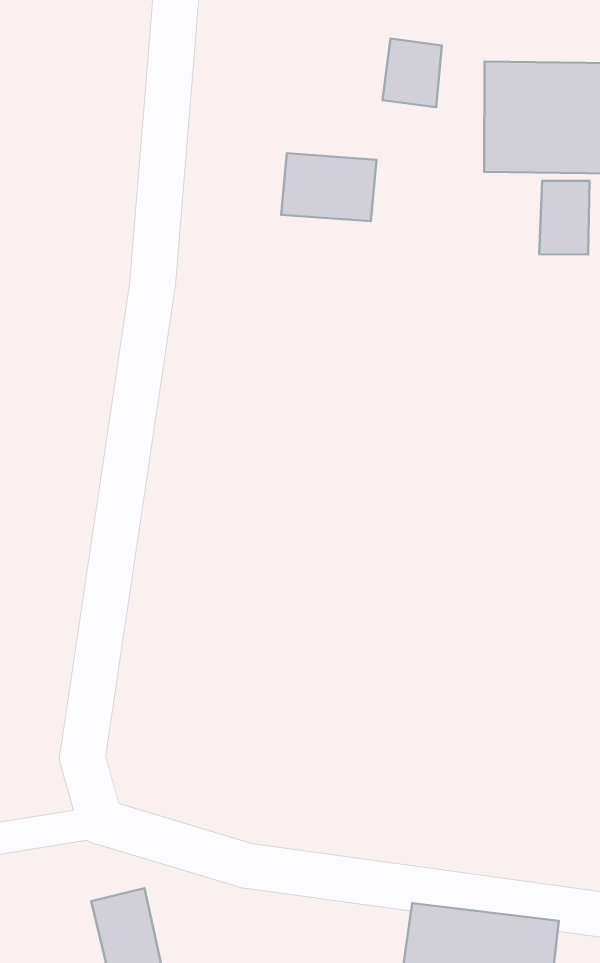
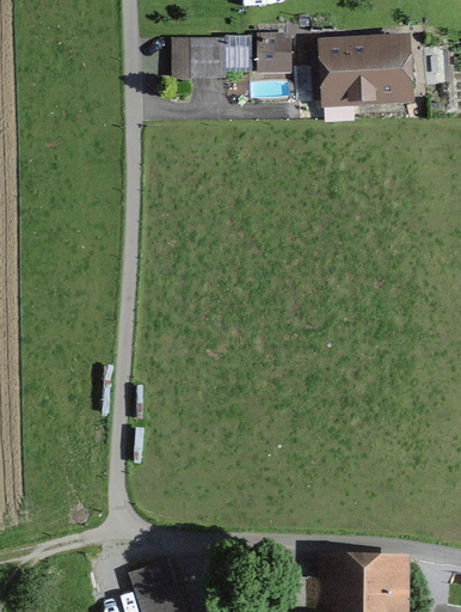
building: [281,153,376,221] -> [173,38,227,76]
building: [539,181,589,255] -> none

